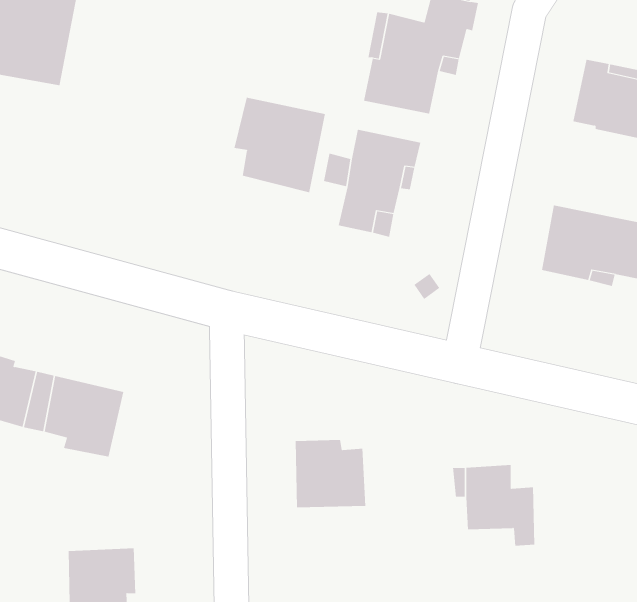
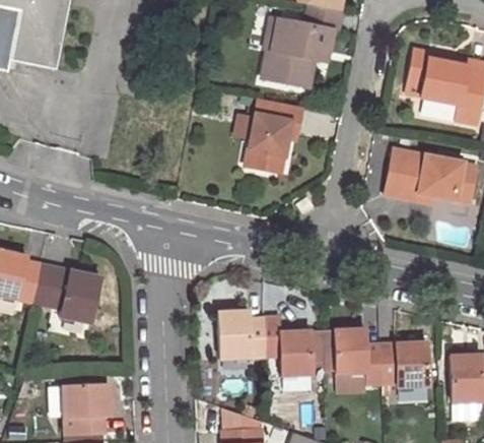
building: [234,97,326,193] -> none
building: none -> [264,316,310,374]
building: none -> [381,341,427,386]

